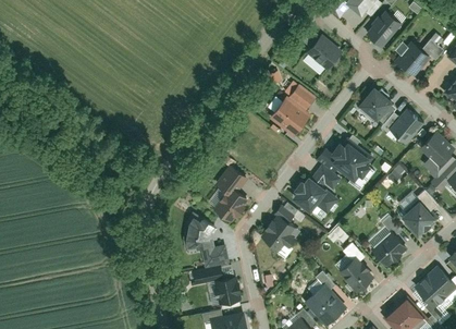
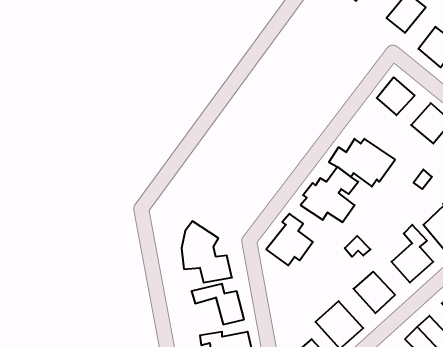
building: [307,35,342,70] -> none
building: [268,85,316,137] -> none
building: [213,167,249,223] -> none

